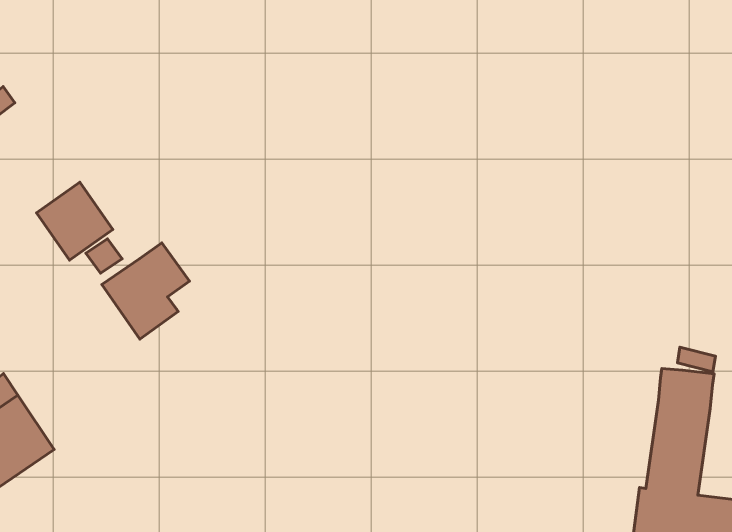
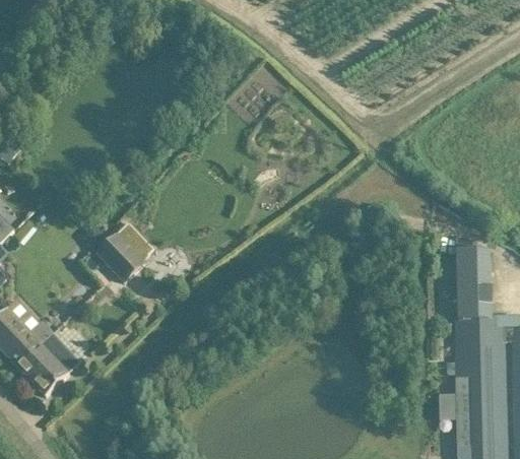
building: [36,182,113,260] -> none

